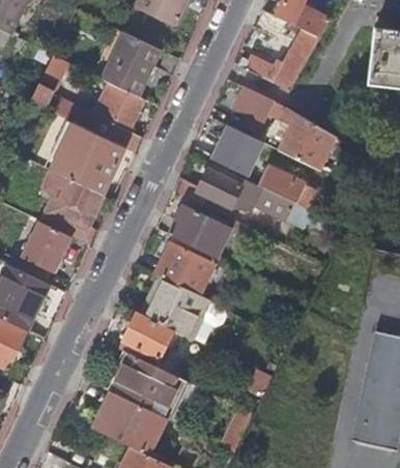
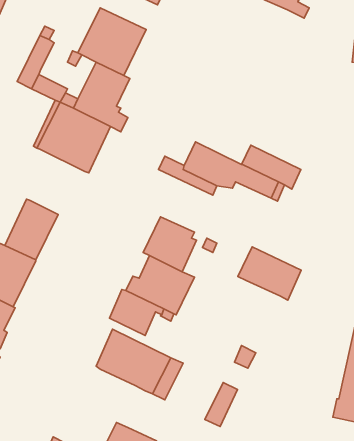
building: [245,30,320,92] -> none
building: [233,87,336,170] -> none
building: [212,126,262,176] -> none
building: [42,171,98,245] -> none
building: [167,205,231,259] -> [238,247,301,300]
building: [96,393,160,452] -> none

